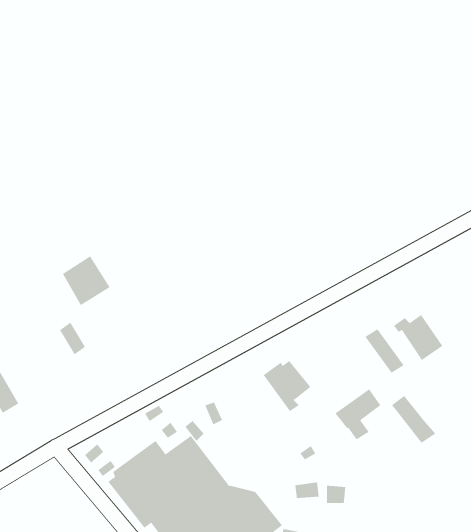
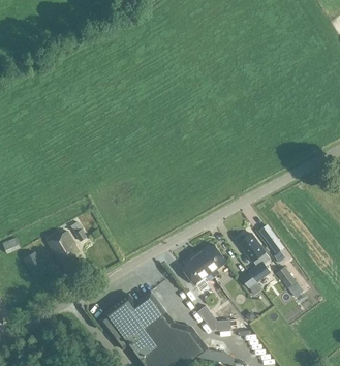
building: [62,256,110,306] -> [49,233,79,264]
building: [393,314,443,361] -> [234,234,265,263]
building: none -> [181,254,212,285]

